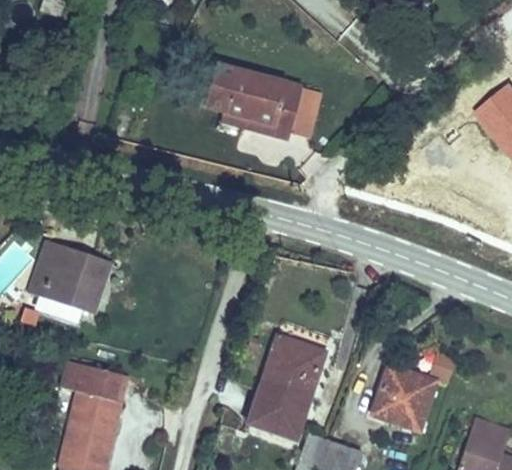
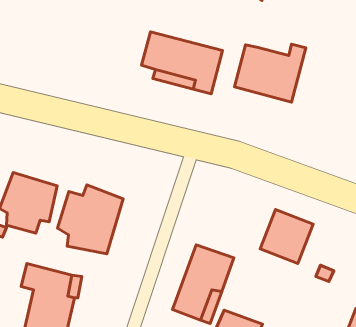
building: none -> [235,44,306,102]
building: none -> [58,185,123,254]
building: [362,362,427,428] -> [260,209,313,263]

